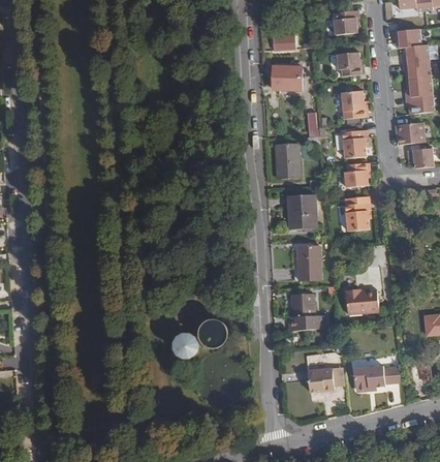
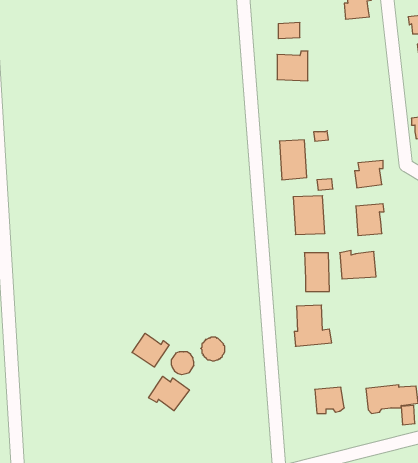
building: [337,53,364,76] -> none
building: [340,91,367,119] -> none
building: [341,130,366,158] -> none
building: [346,287,379,313] -> [340,250,376,279]
building: none -> [132,333,169,367]
building: none -> [149,376,189,411]

